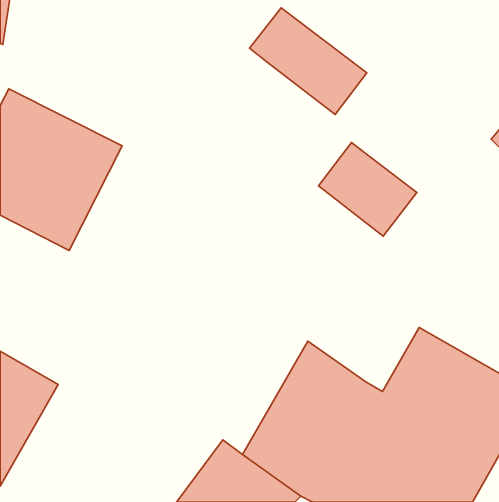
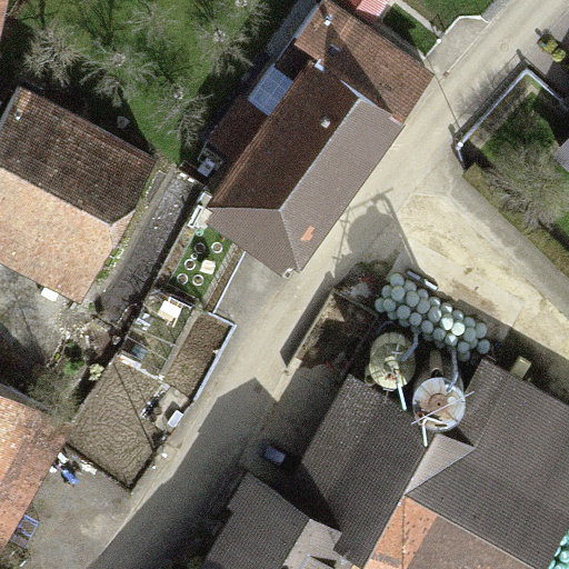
building: none -> [197,70,383,271]
building: [318,143,417,236] -> none

